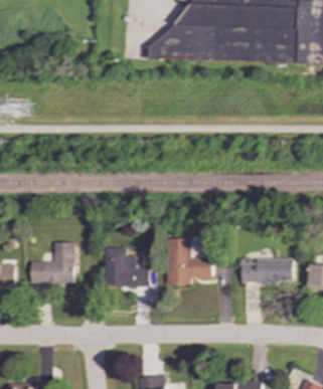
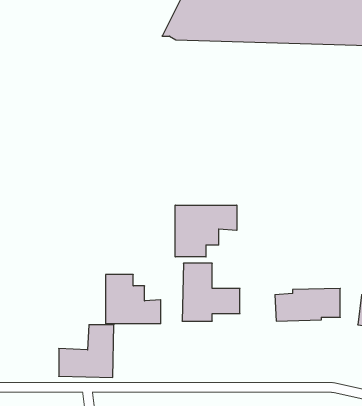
building: none -> [175,205,237,257]
building: [30,242,74,284] -> [59,325,114,377]

